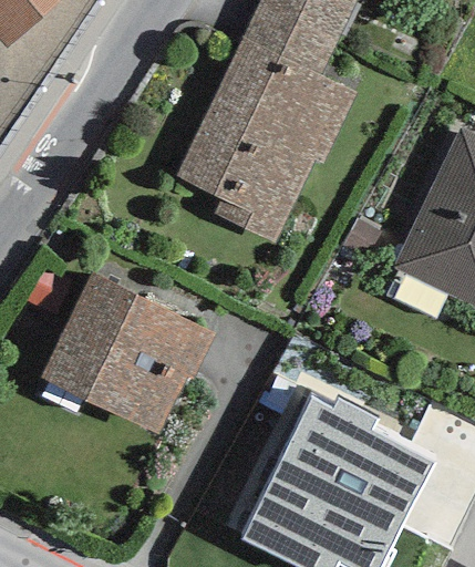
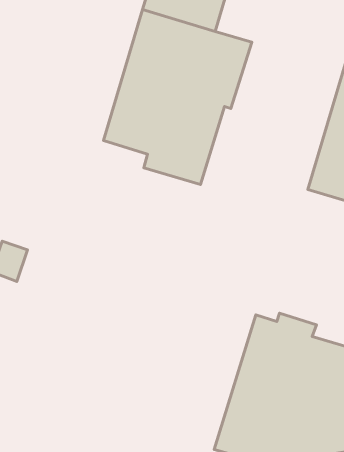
building: [41,272,213,436] -> none

